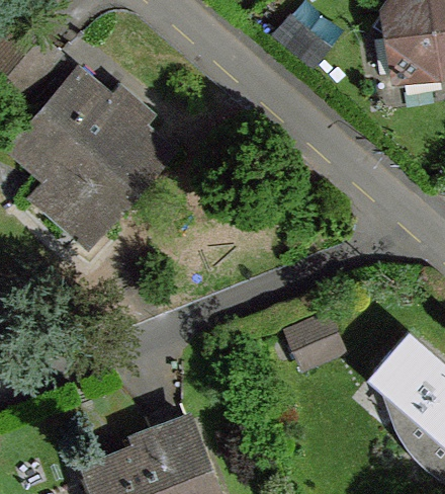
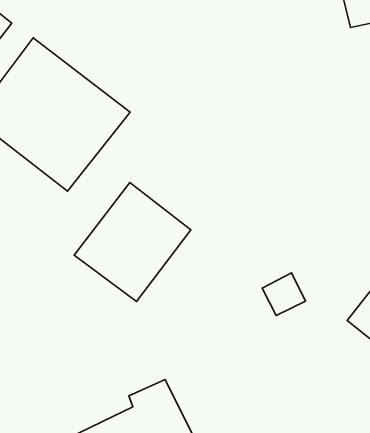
building: none -> [74,182,191,302]

